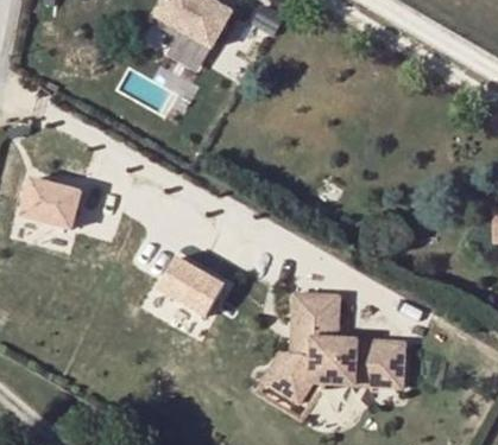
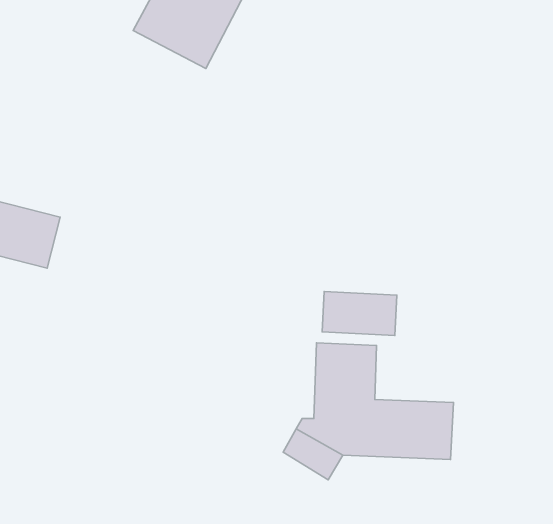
building: none -> [322,292,397,335]
building: [155,253,226,318] -> none

